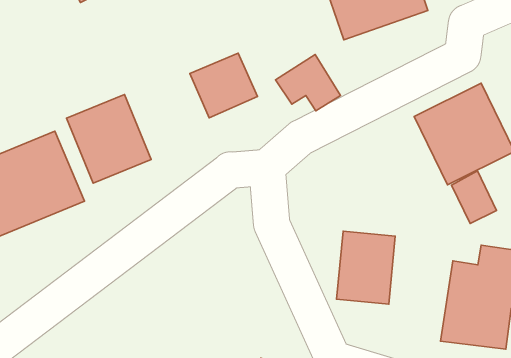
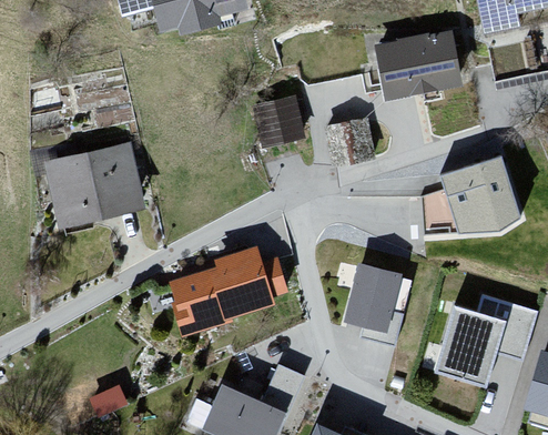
building: [67,94,151,183] -> none
building: [452,171,496,223] -> [416,184,451,229]
building: none -> [162,246,284,341]

